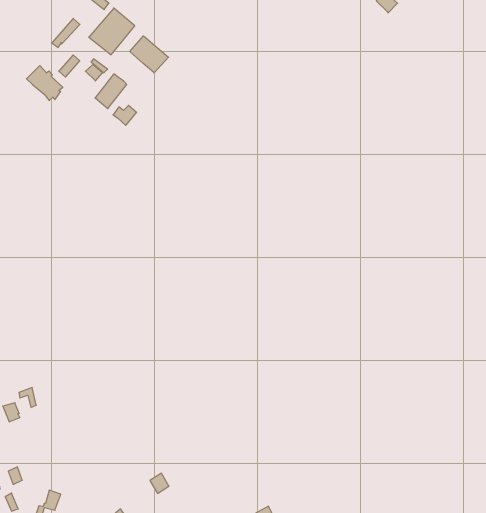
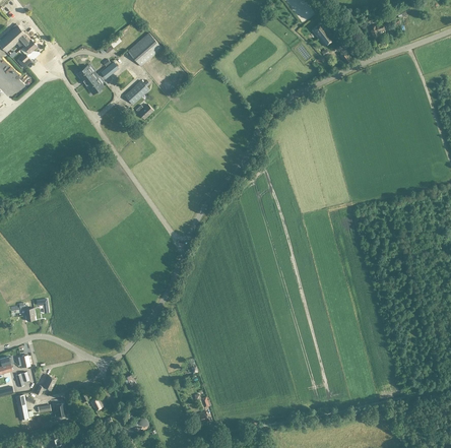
building: [130,36,169,73] -> none

